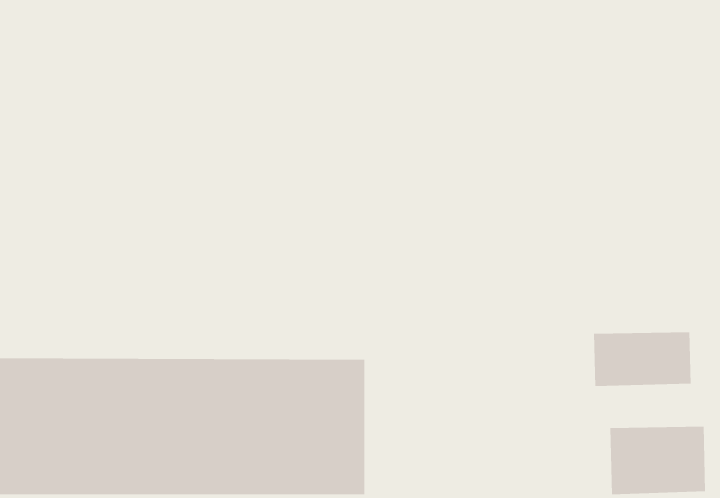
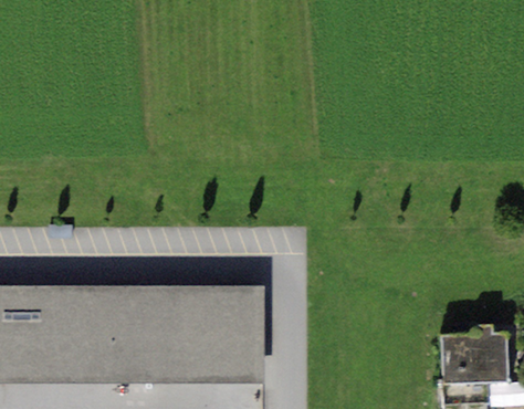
building: [593,331,691,387] -> none

